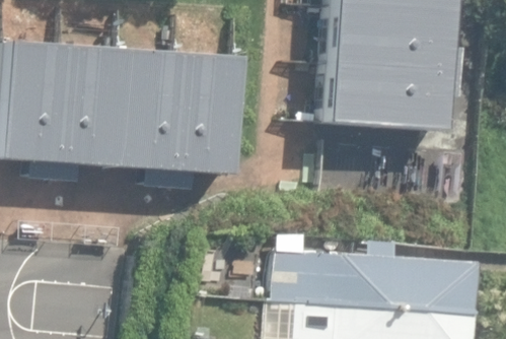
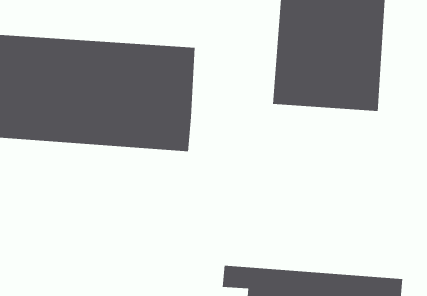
building: [274,239,478,317] -> none

